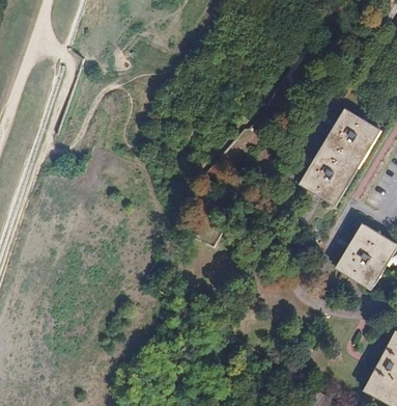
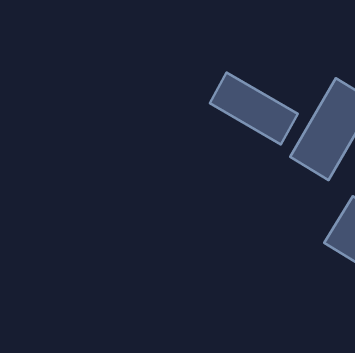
building: none -> [210,73,298,145]

